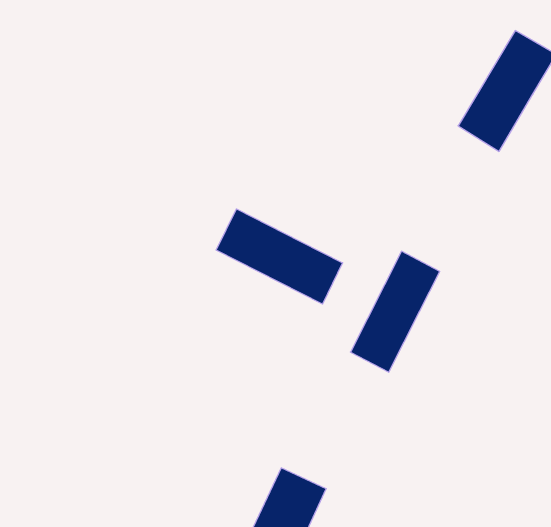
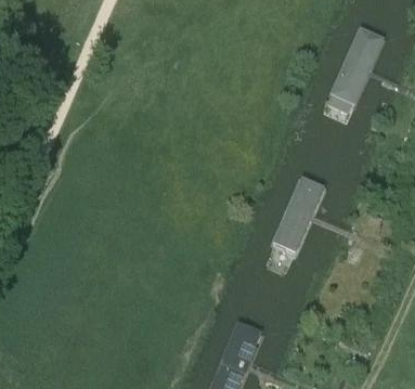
building: [216,209,343,304] -> none

